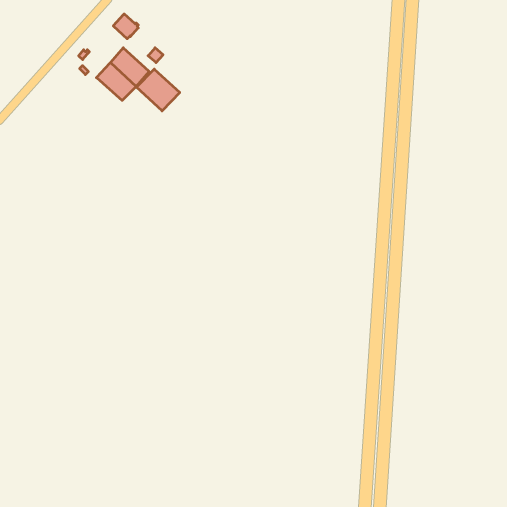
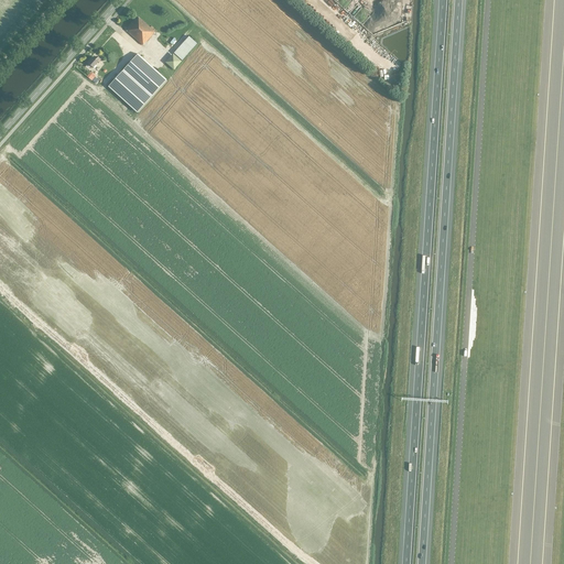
building: [137,69,180,111] -> none

